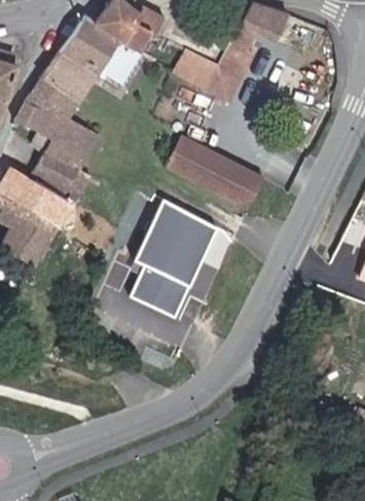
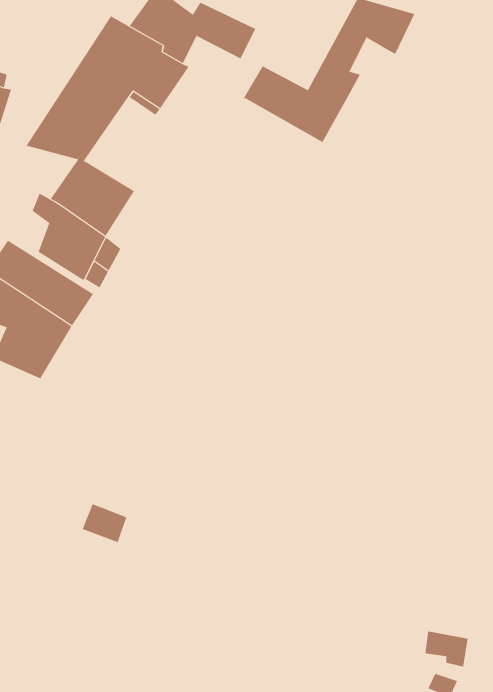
building: [12,103,60,139] -> none
building: [163,135,263,204] -> none
building: [129,200,218,316] -> none

